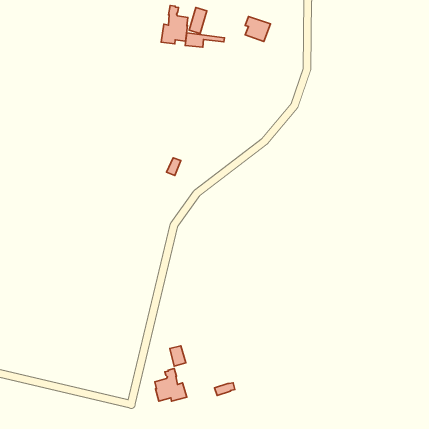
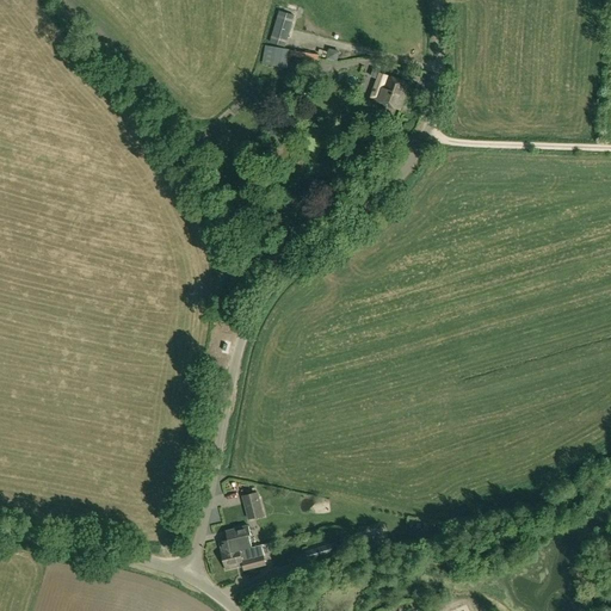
building: [161,5,188,44] -> none
building: [245,16,270,42] -> [372,73,408,109]

